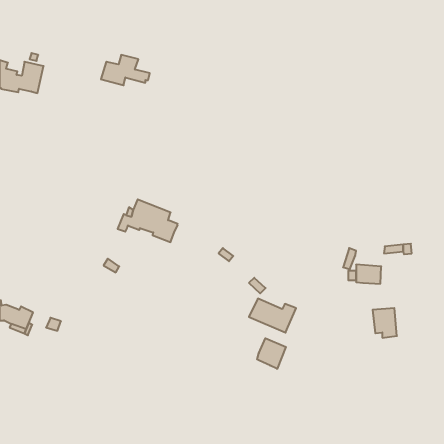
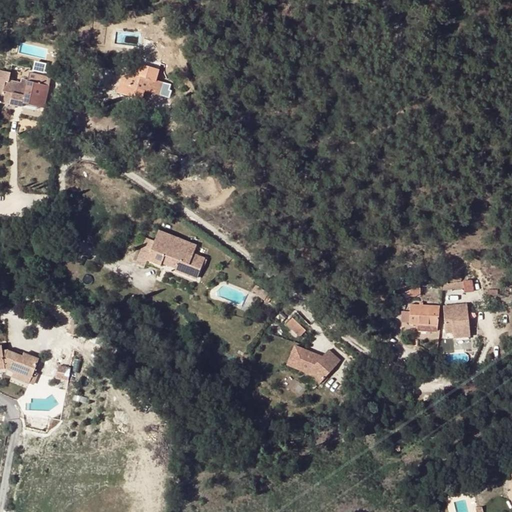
building: [373,308,397,338] -> [442,305,470,339]
building: [257,338,286,369] -> none

